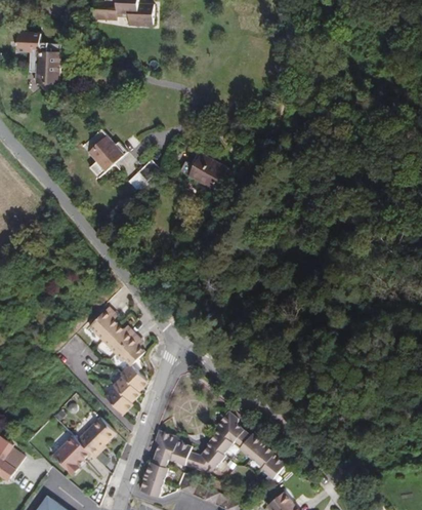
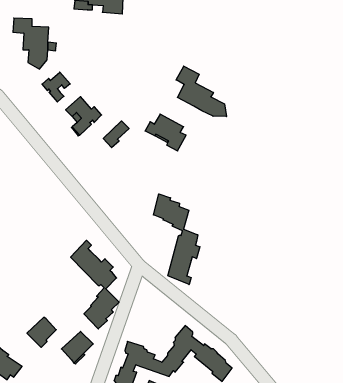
building: none -> [176,66,226,117]
building: none -> [42,72,70,102]
building: none -> [153,194,200,285]
building: [52,437,88,474] -> [27,317,56,347]

